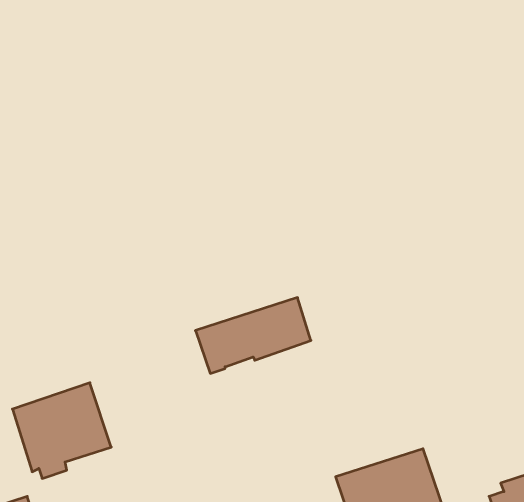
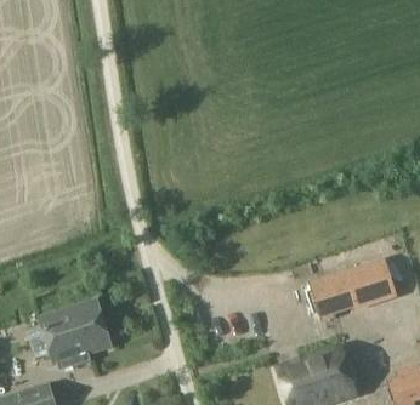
building: [195,298,311,373] -> [310,261,395,316]

